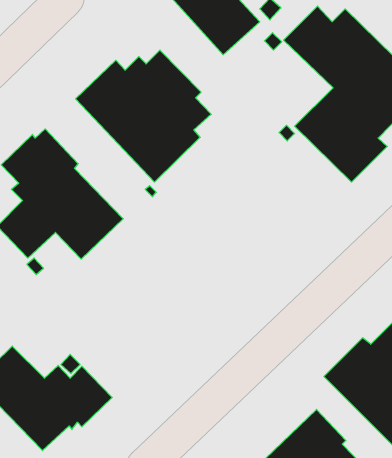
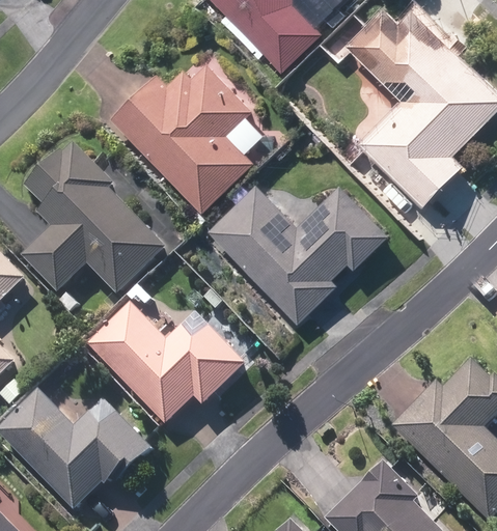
building: none -> [206,184,387,324]
building: none -> [87,304,244,424]

